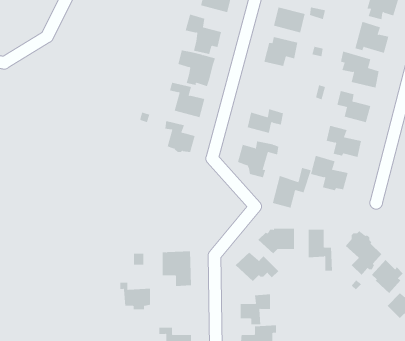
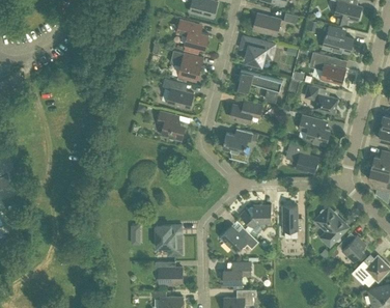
building: none -> [238,69,281,101]
building: [272,167,311,209] -> none
building: [120,282,151,310] -> [156,261,183,285]

